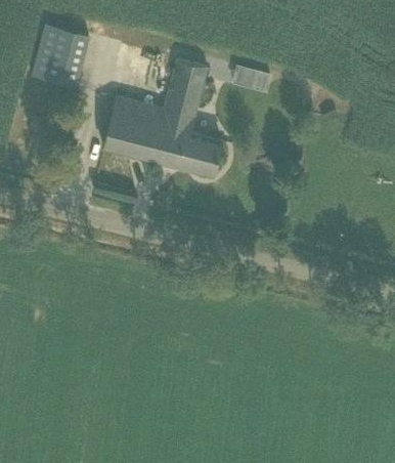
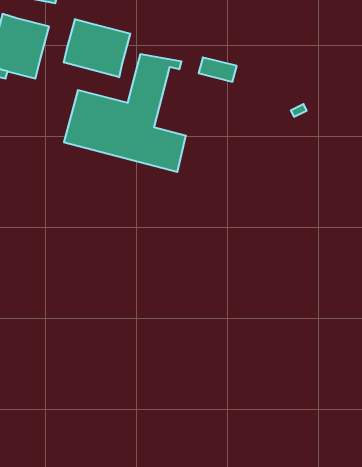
building: none -> [64,19,130,77]

